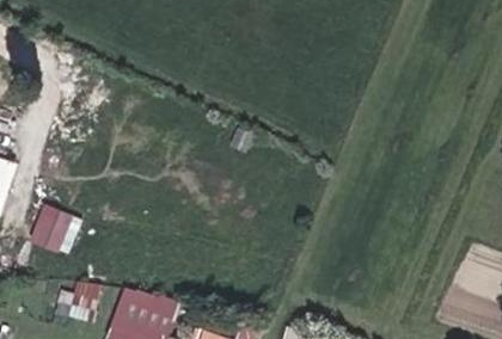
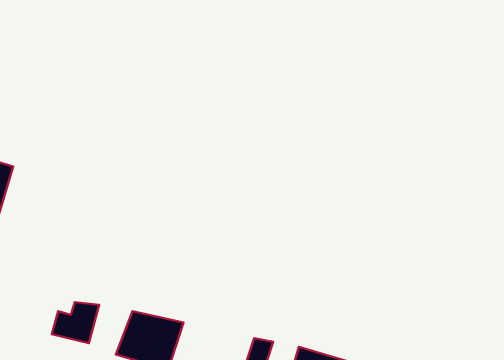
building: [26,197,72,247] -> none

